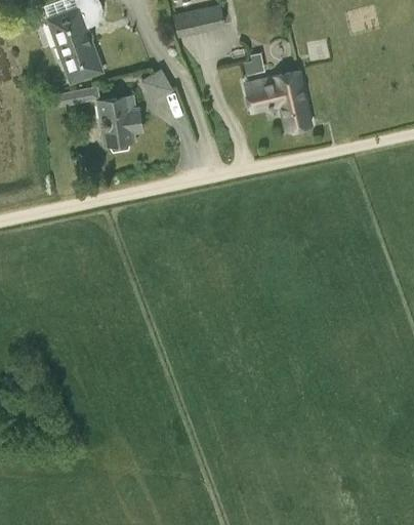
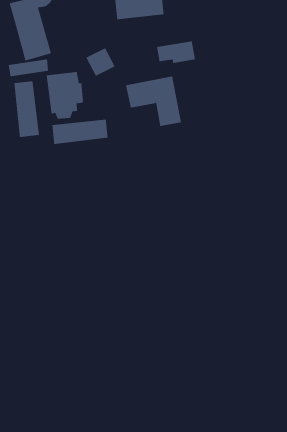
building: [246,71,312,128] -> [125,76,182,127]
building: none -> [14,81,40,138]
building: none -> [52,119,108,145]

